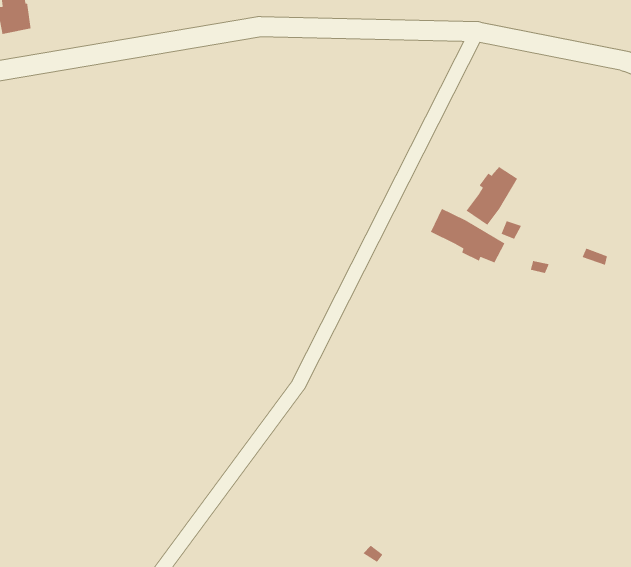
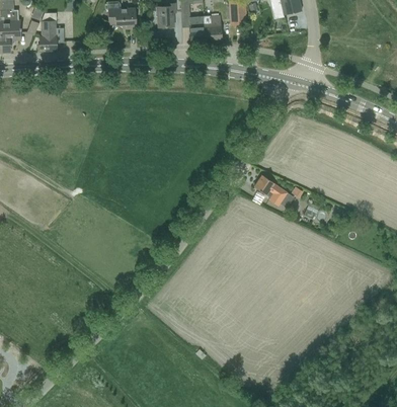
building: [466,166,518,226] -> none

